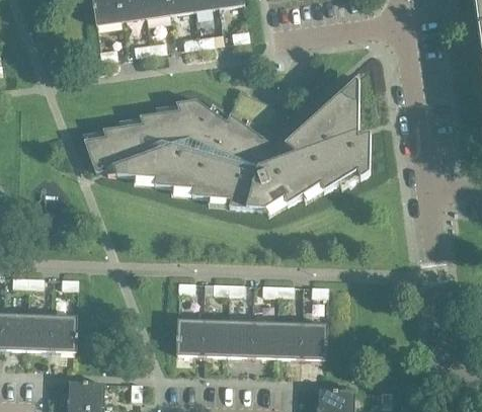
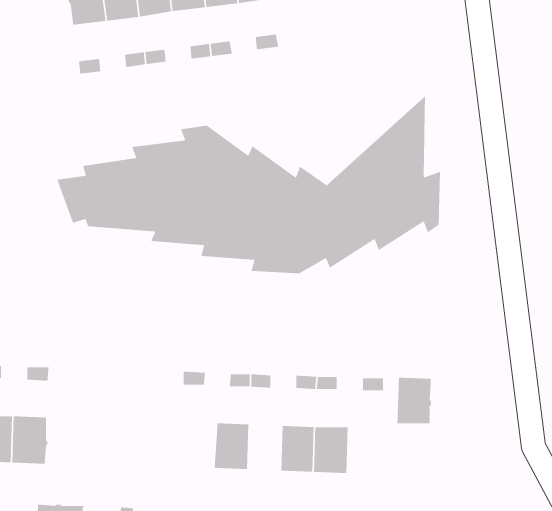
building: [175,319,203,354] -> none
building: [226,321,251,356] -> none
building: [300,323,326,358] -> [397,377,432,424]

